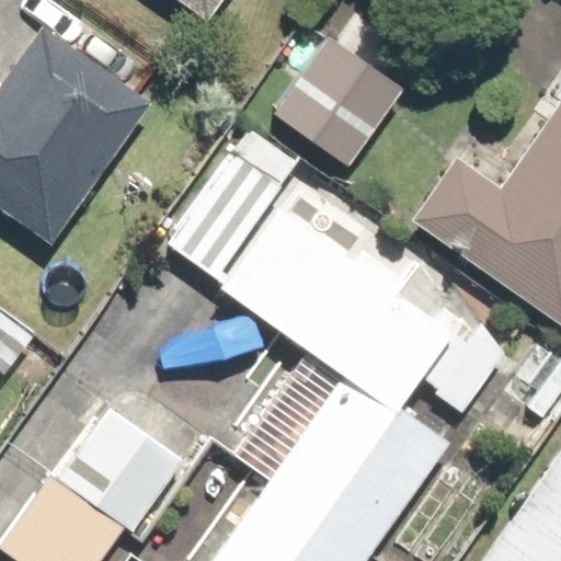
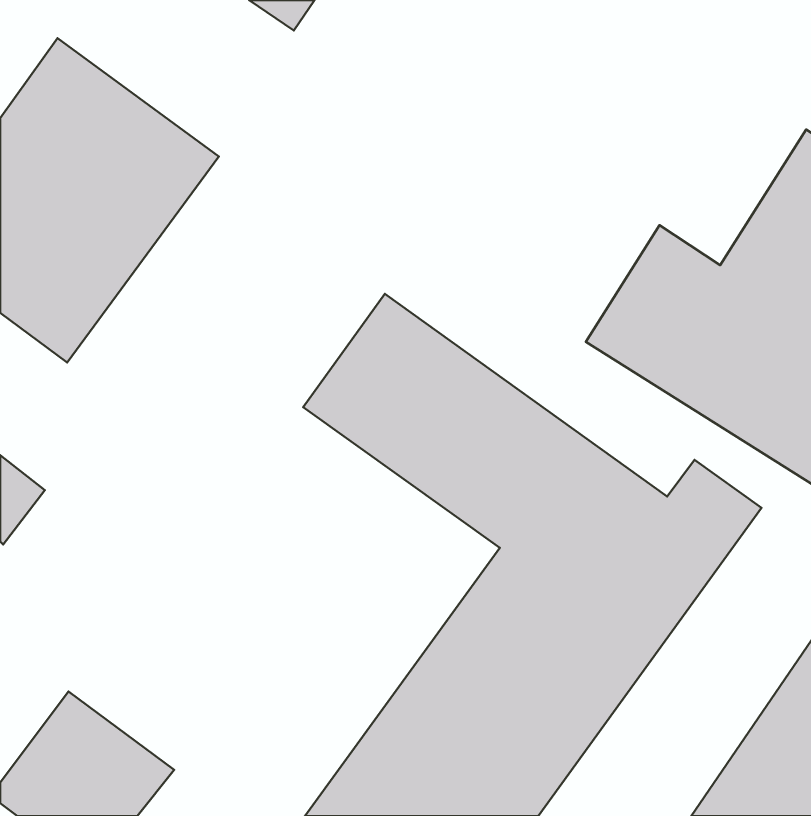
building: [266,24,386,174] -> none
building: [161,123,297,279] -> none
building: [50,400,191,538] -> none

